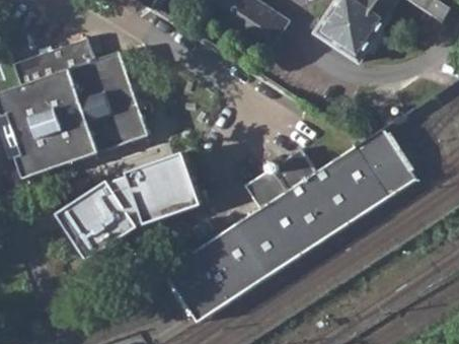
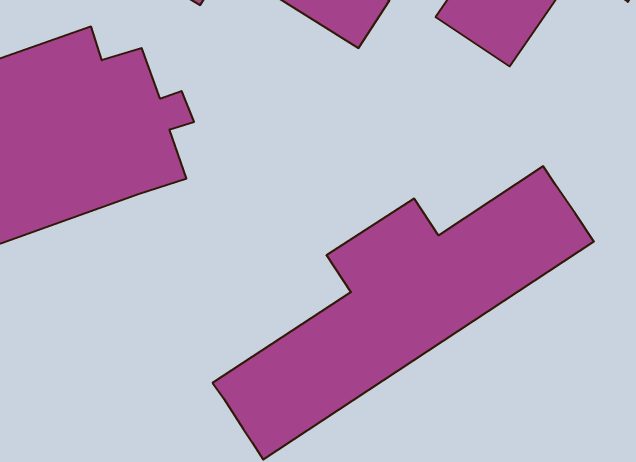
building: [56,158,203,273] -> none

